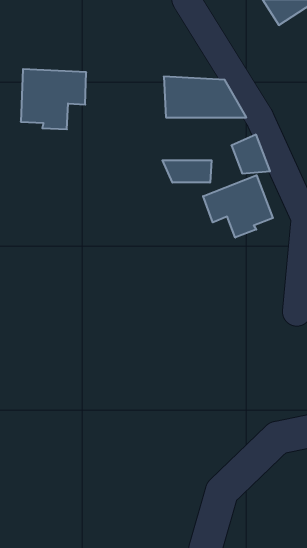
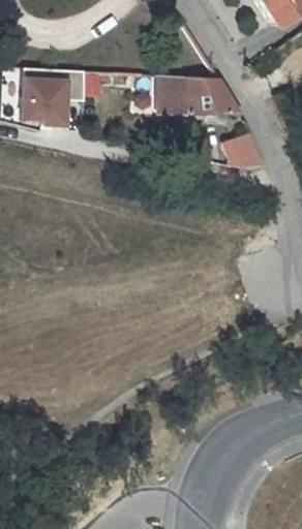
building: [162,160,212,183] -> none
building: [203,175,273,238] -> none

